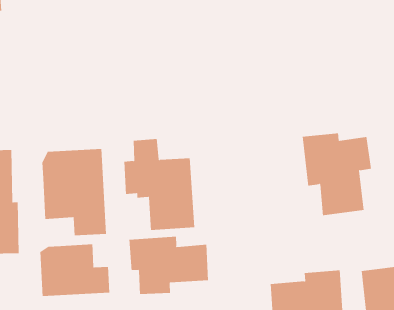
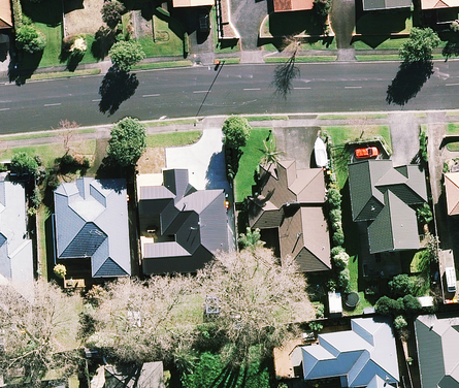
building: none -> [247,167,327,273]
building: [129,236,208,295] -> none
building: [40,244,110,297] -> none

